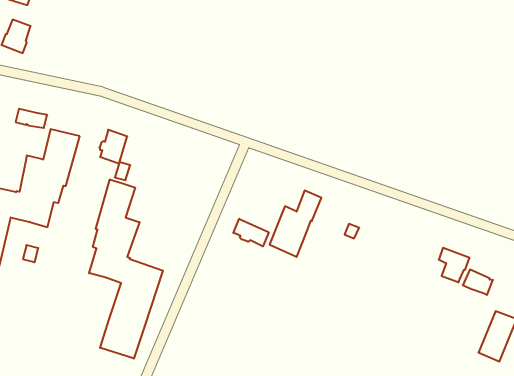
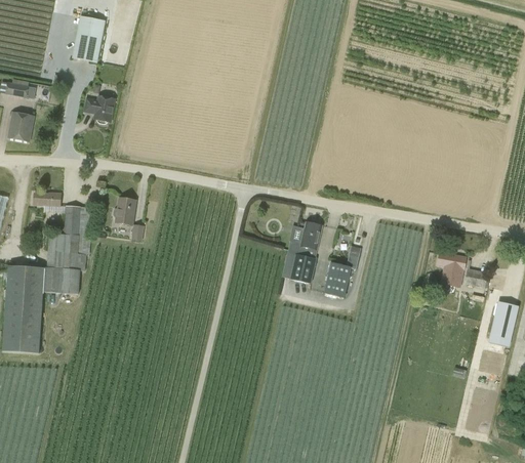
building: none -> [84,95,115,124]
building: [89,179,163,359] -> none
building: [233,219,269,246] -> none
building: none -> [324,262,351,297]

